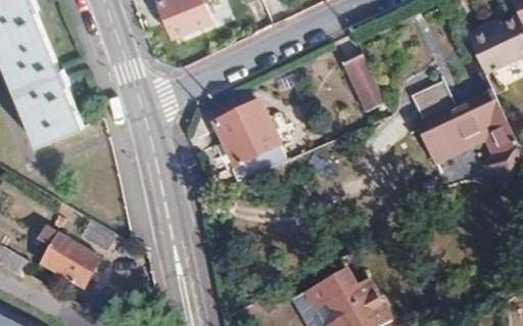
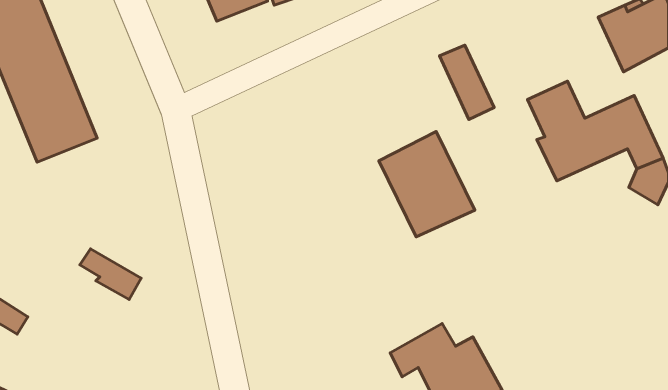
building: [213,101,287,182] -> [379,131,475,237]
building: [37,227,100,289] -> none

